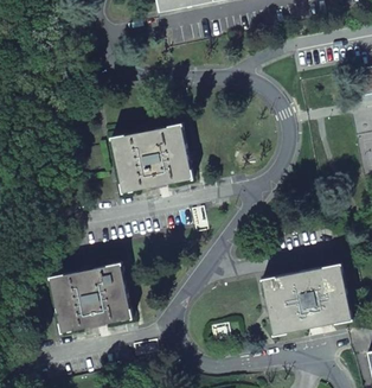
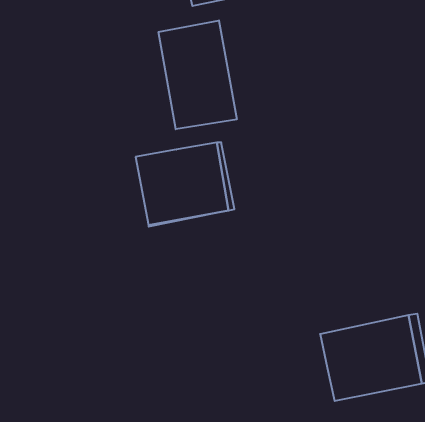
building: none -> [159,20,237,129]
building: [50,262,132,331] -> none

